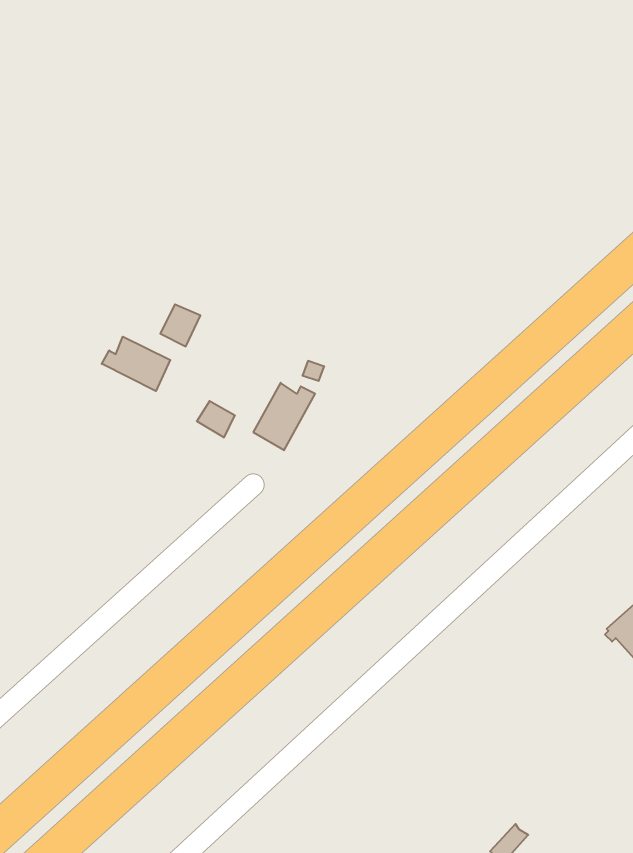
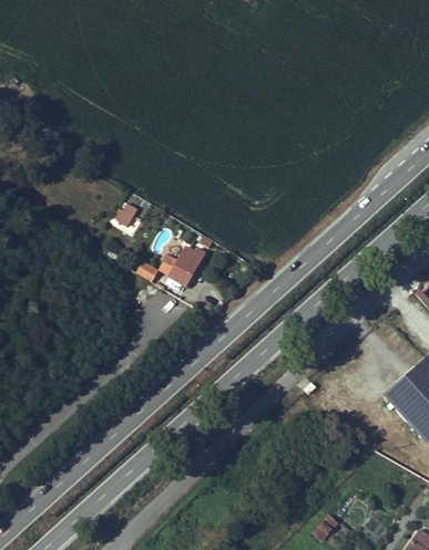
building: [102,337,170,391] -> none

